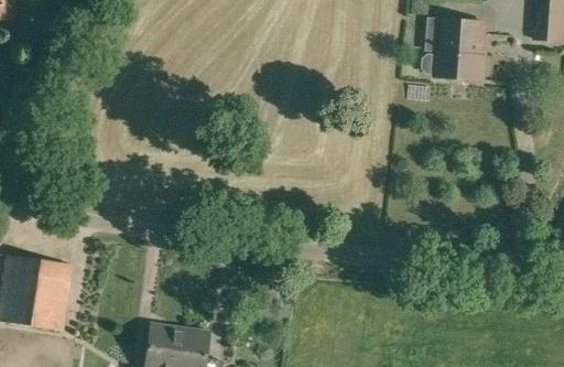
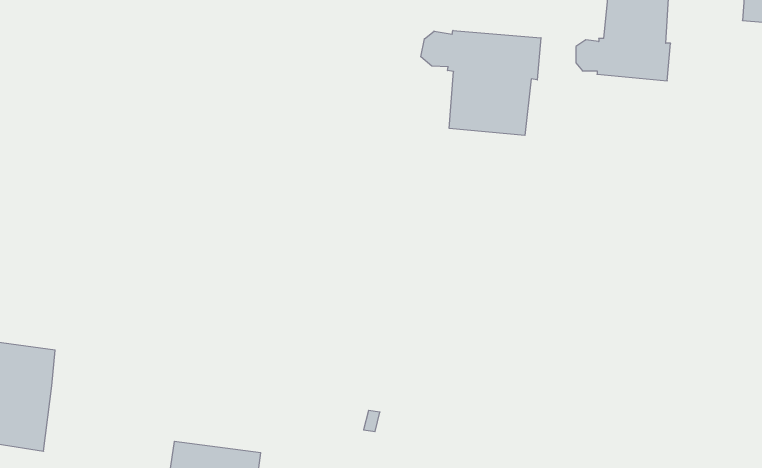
building: none -> [421,30,541,135]

